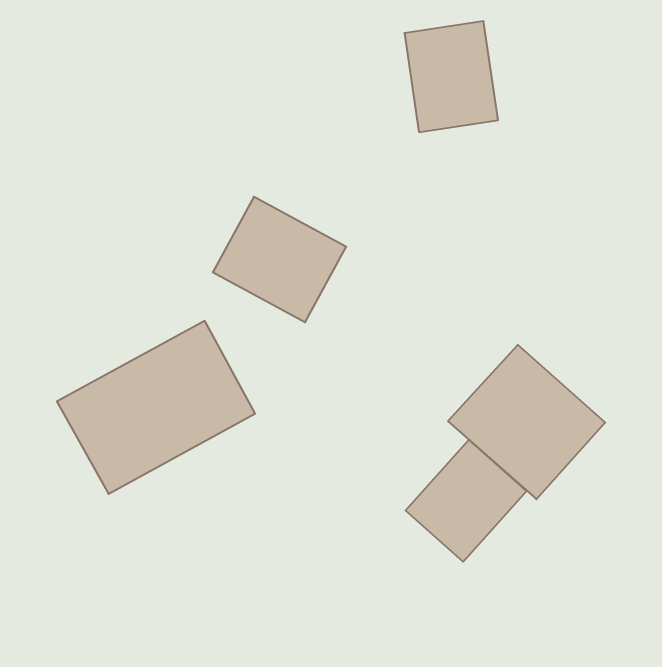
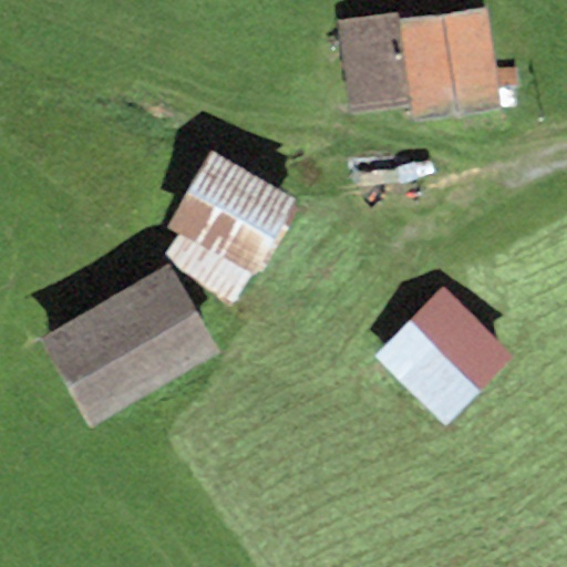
building: none -> [405,6,498,112]
building: [406,440,526,562] -> none

